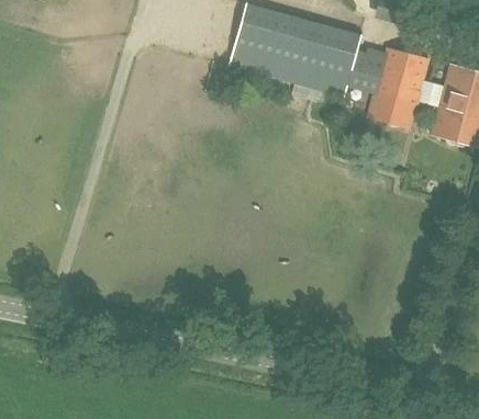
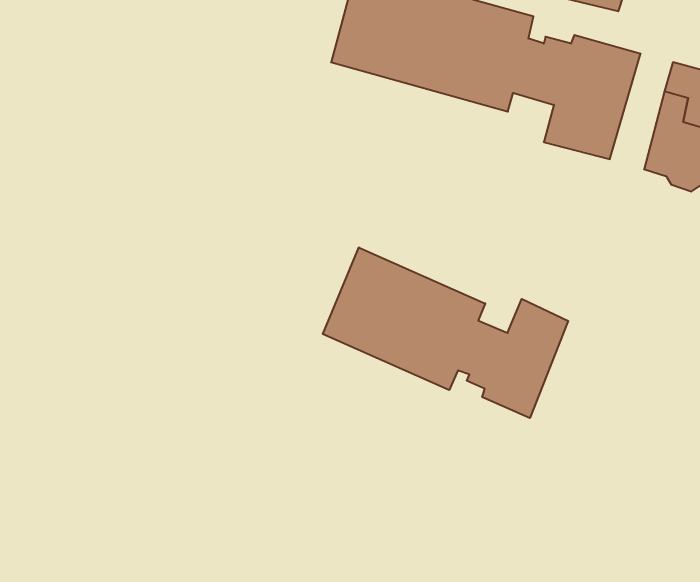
building: none -> [323,247,568,418]

